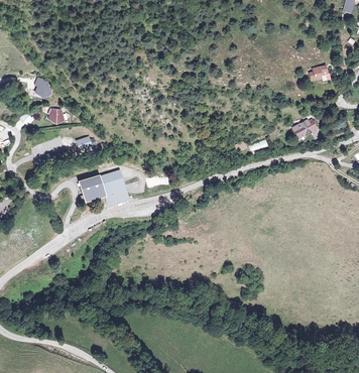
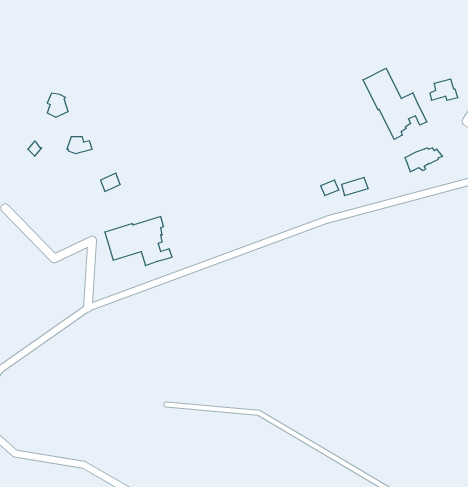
building: none -> [363,68,427,139]

